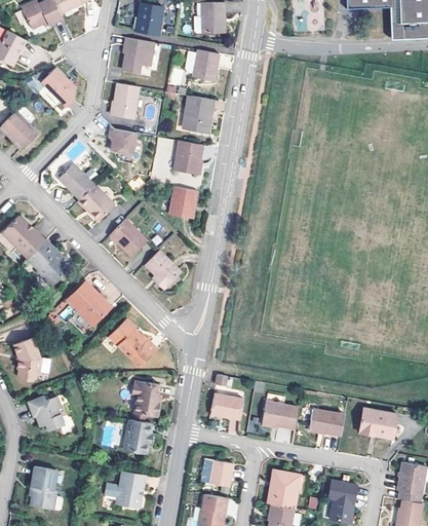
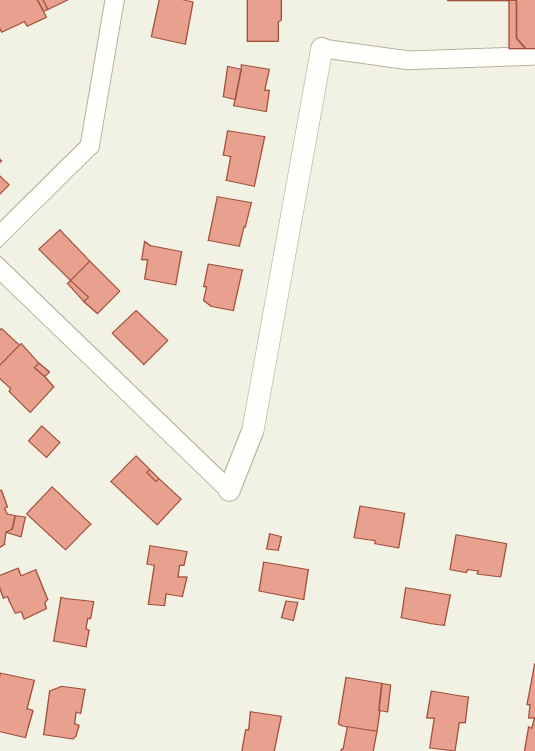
building: [124,37,155,72] -> none
building: [43,66,78,106] -> none
building: [113,82,141,117] -> none
building: [110,125,138,155] -> [141,241,182,285]
building: [145,251,181,289] -> none
building: [67,279,111,323] -> [27,487,91,550]
building: [262,400,297,428] -> [354,506,405,548]
building: [356,407,395,436] -> [450,535,507,577]
building: [125,419,153,453] -> [53,597,94,647]
building: [208,461,230,487] -> none
building: [119,472,148,508] -> [43,687,85,739]

